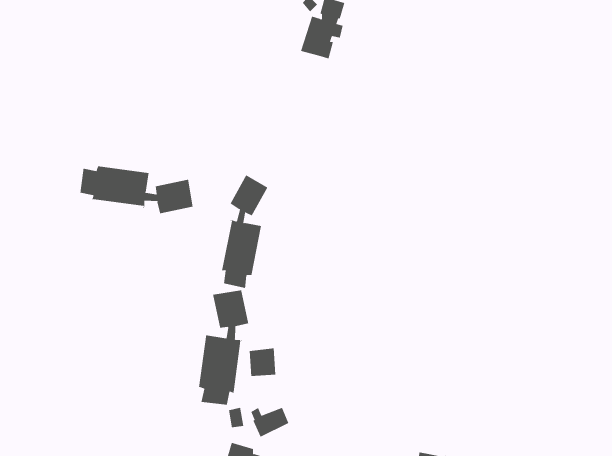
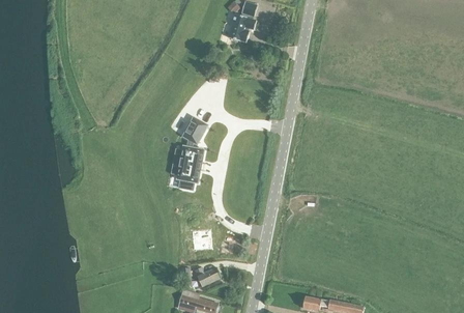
building: [80,165,193,214] -> none
building: [198,289,249,406] -> none

